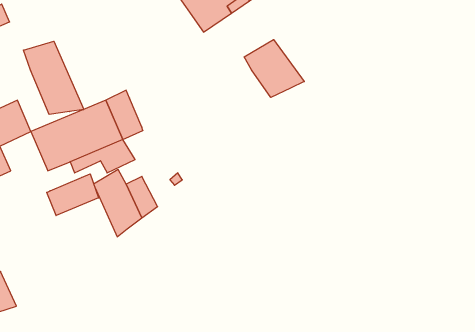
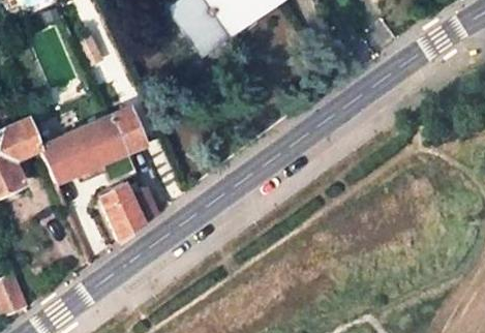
building: [244,40,304,97] -> none
building: [23,41,84,114] -> none
building: [47,174,99,216] -> none

